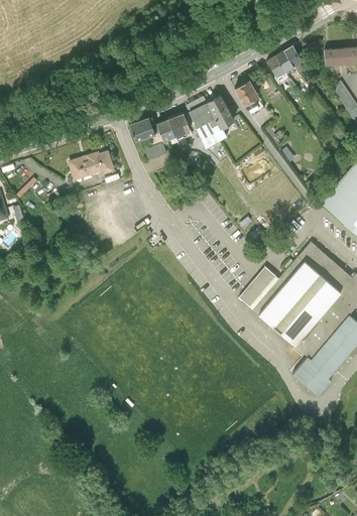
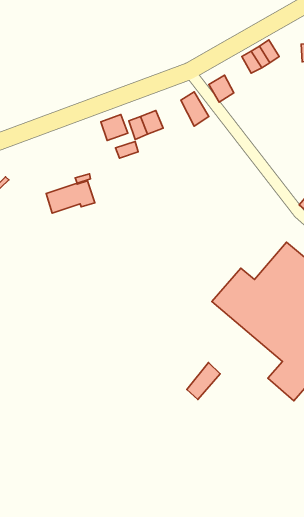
building: [187,97,226,148] -> none
building: [69,149,116,180] -> [46,181,95,213]
building: none -> [187,362,220,400]

